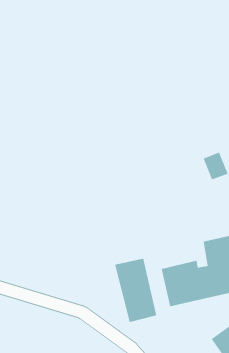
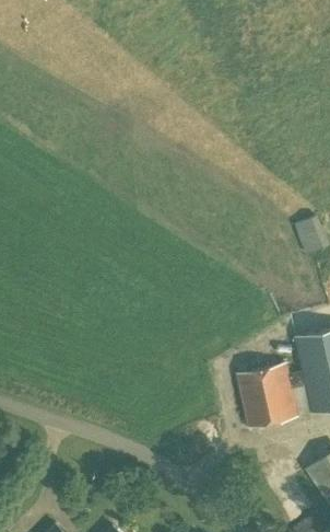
building: [114,258,157,323] -> none

